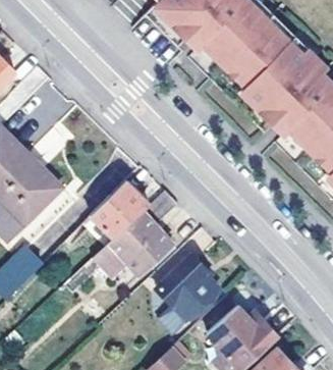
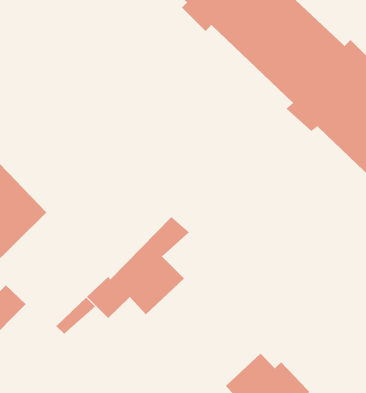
building: [91,182,148,239] -> none
building: [156,257,218,321] -> none

